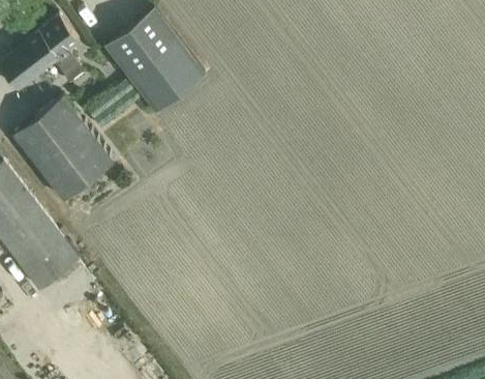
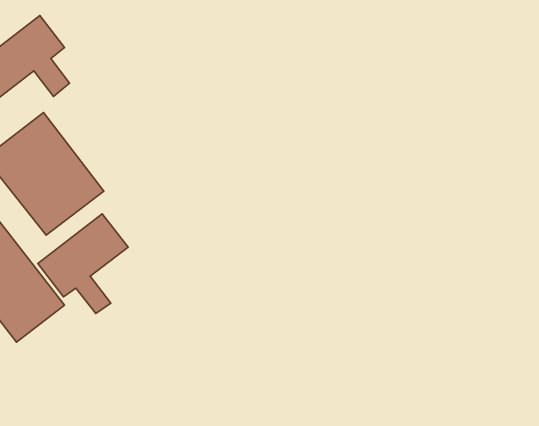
building: [104,7,205,112] -> none
building: none -> [38,214,128,313]

